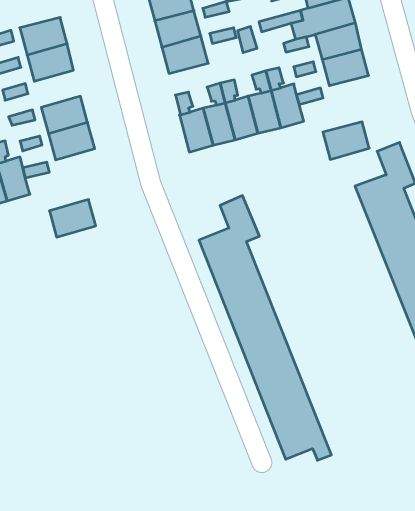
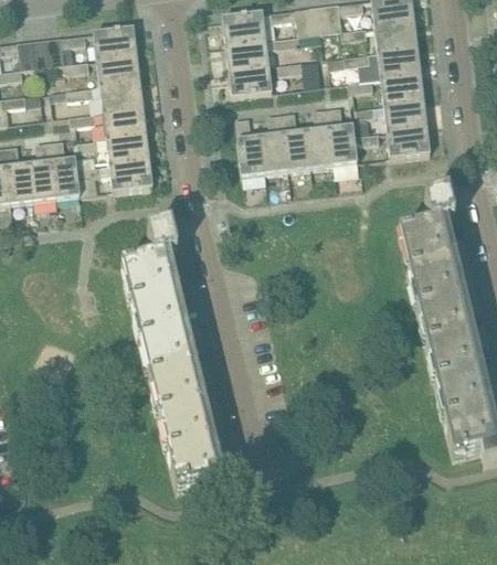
building: none -> [102,78,145,110]
building: [323,122,369,159] -> [389,125,432,157]
building: [199,196,331,460] -> [124,227,223,495]
building: [49,200,96,237] -> [112,158,155,190]

